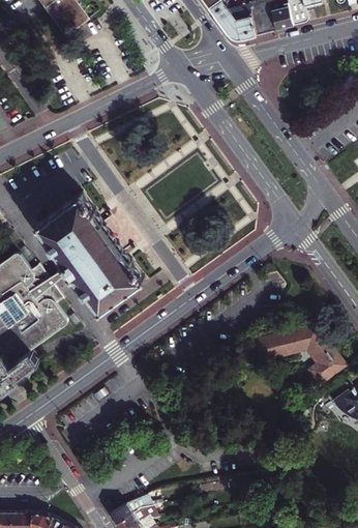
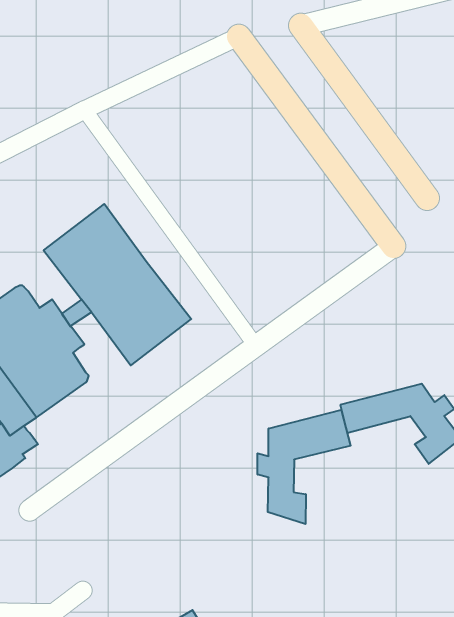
building: none -> [258,410,351,524]

